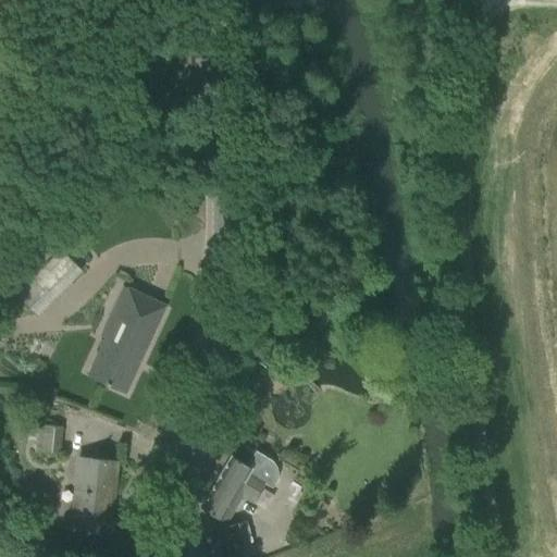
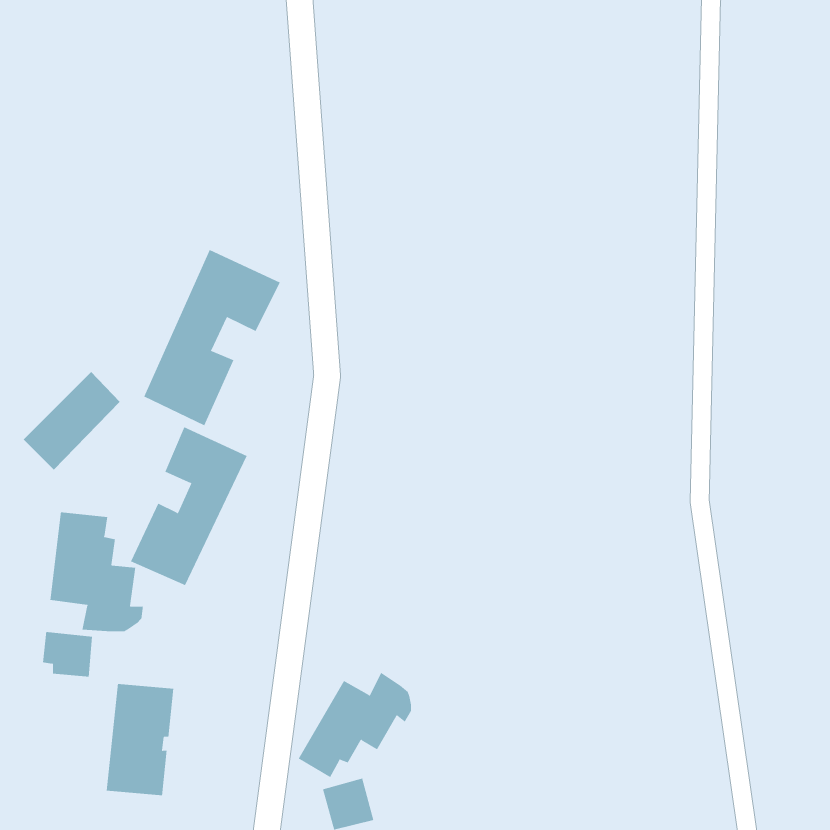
building: none -> [143,249,281,426]
building: none -> [50,512,144,632]

